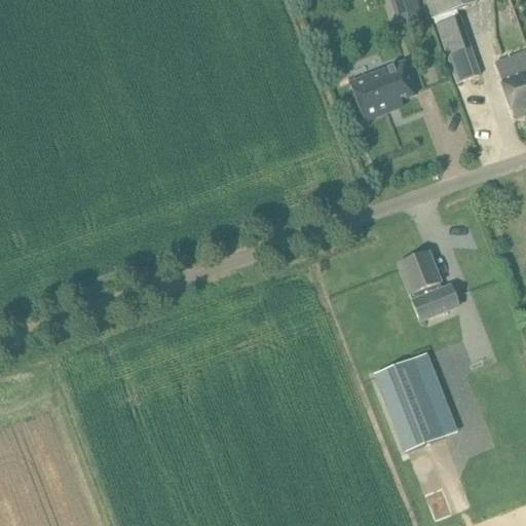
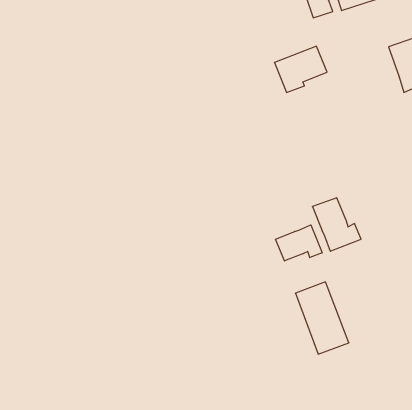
building: [438,11,481,80] -> none
building: none -> [275,225,322,261]

